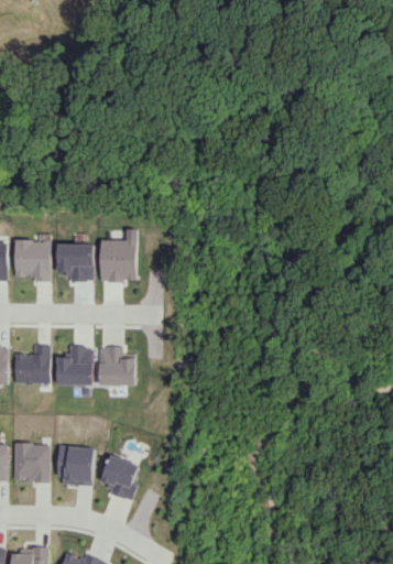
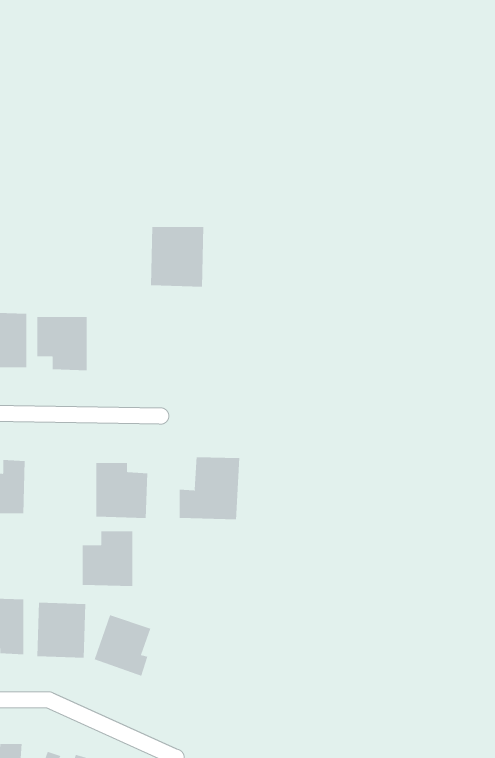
building: [100,239,139,282] -> [150,226,204,287]
building: none -> [179,457,240,520]
building: [57,346,94,386] -> [82,531,133,587]

